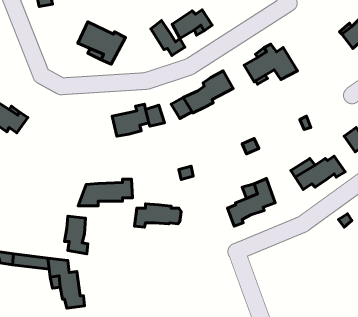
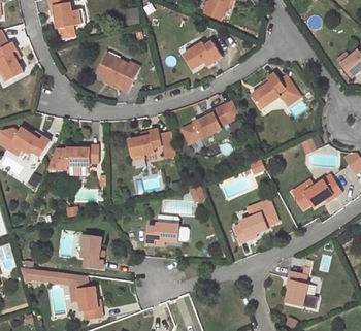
building: [151,20,185,55] -> none
building: [78,179,133,206] -> [46,145,97,170]
building: none -> [286,270,307,305]

